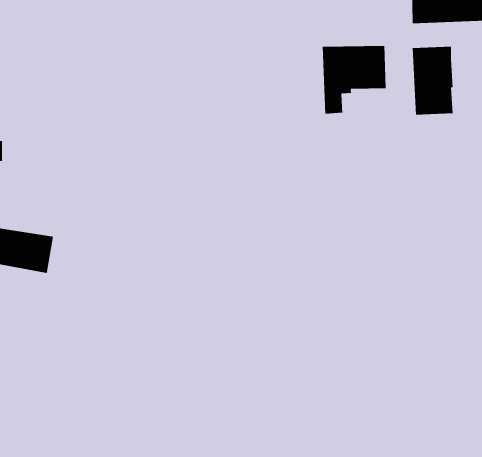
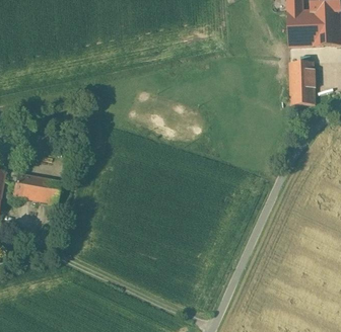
building: [322,45,386,114] -> none

